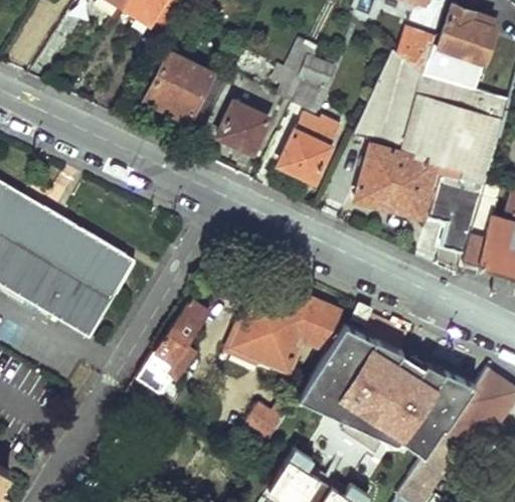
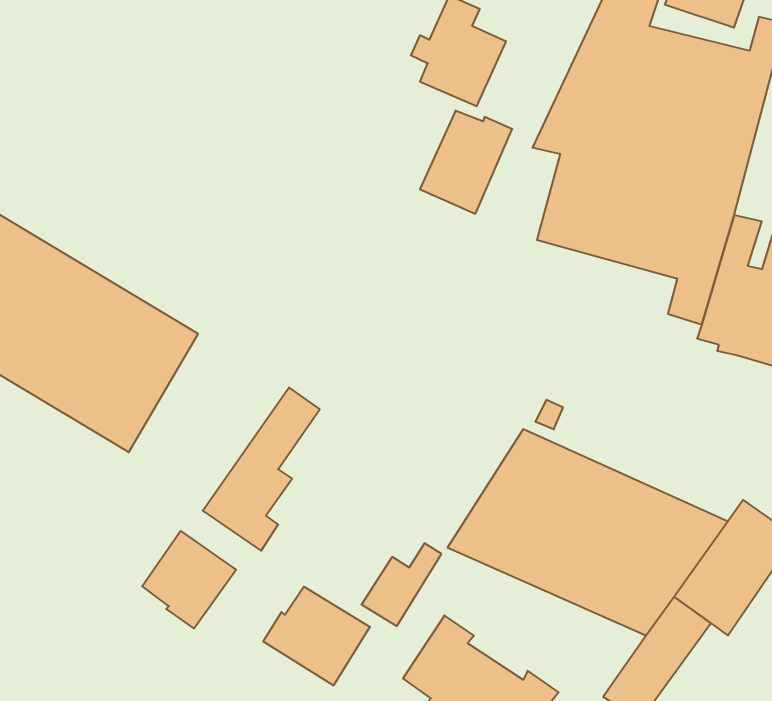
building: [148,51,211,122] -> none
building: [216,104,267,153] -> none
building: [230,288,339,368] -> none
building: none -> [142,531,236,628]
building: none -> [263,587,370,686]

